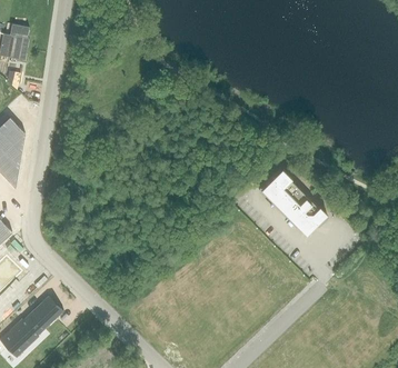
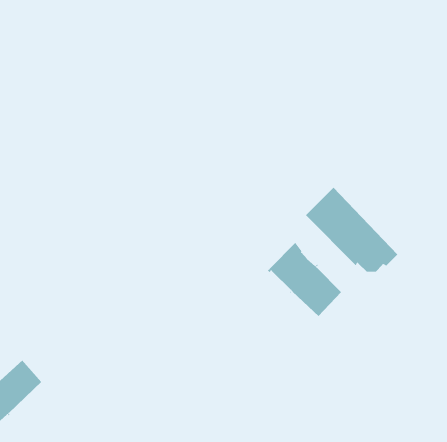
building: none -> [267,242,342,317]

